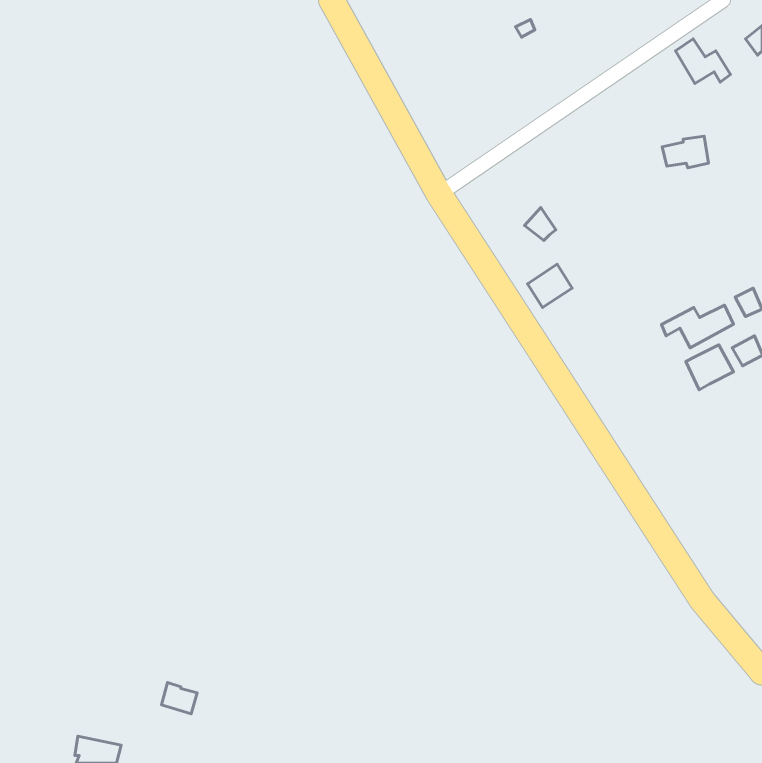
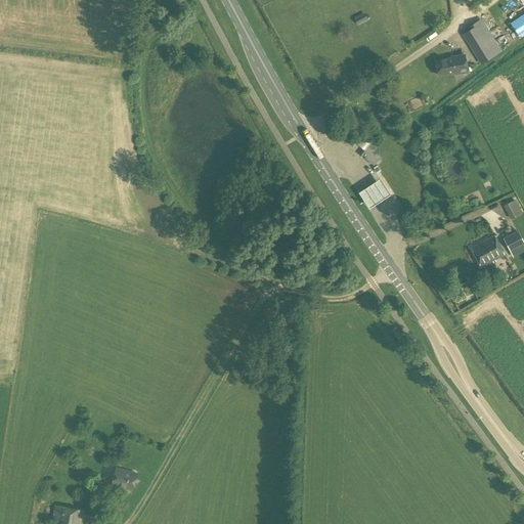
building: [662,136,709,168] -> [435,54,467,76]
building: [661,305,734,348] -> none

